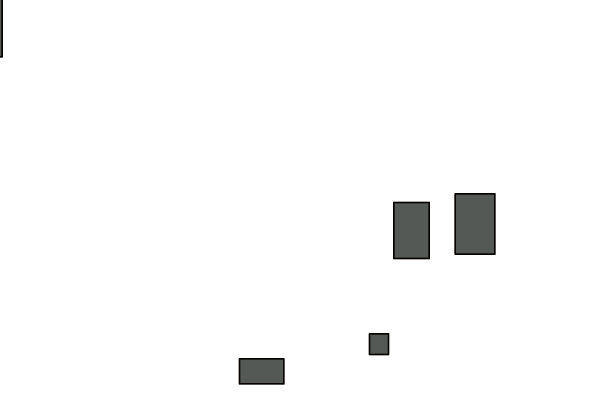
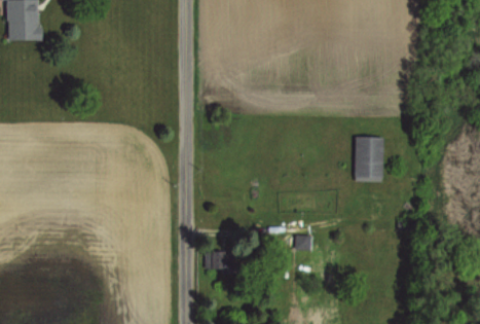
building: [394,203,429,259] -> none

